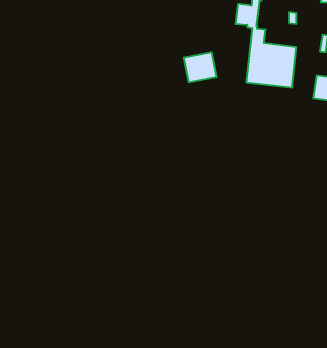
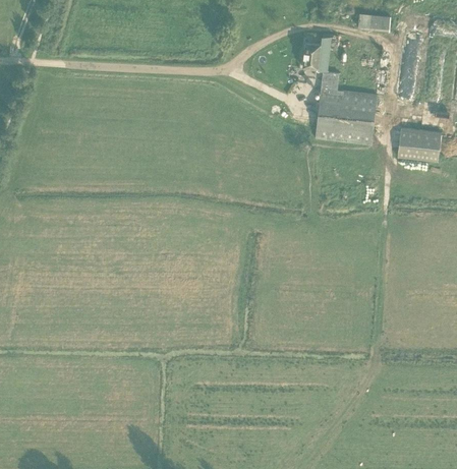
building: [184,52,217,82] -> none

